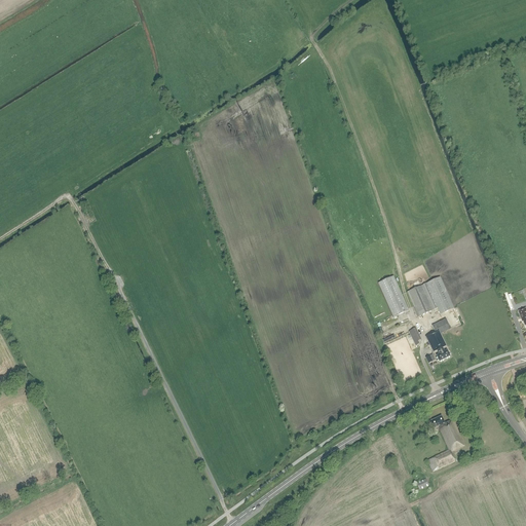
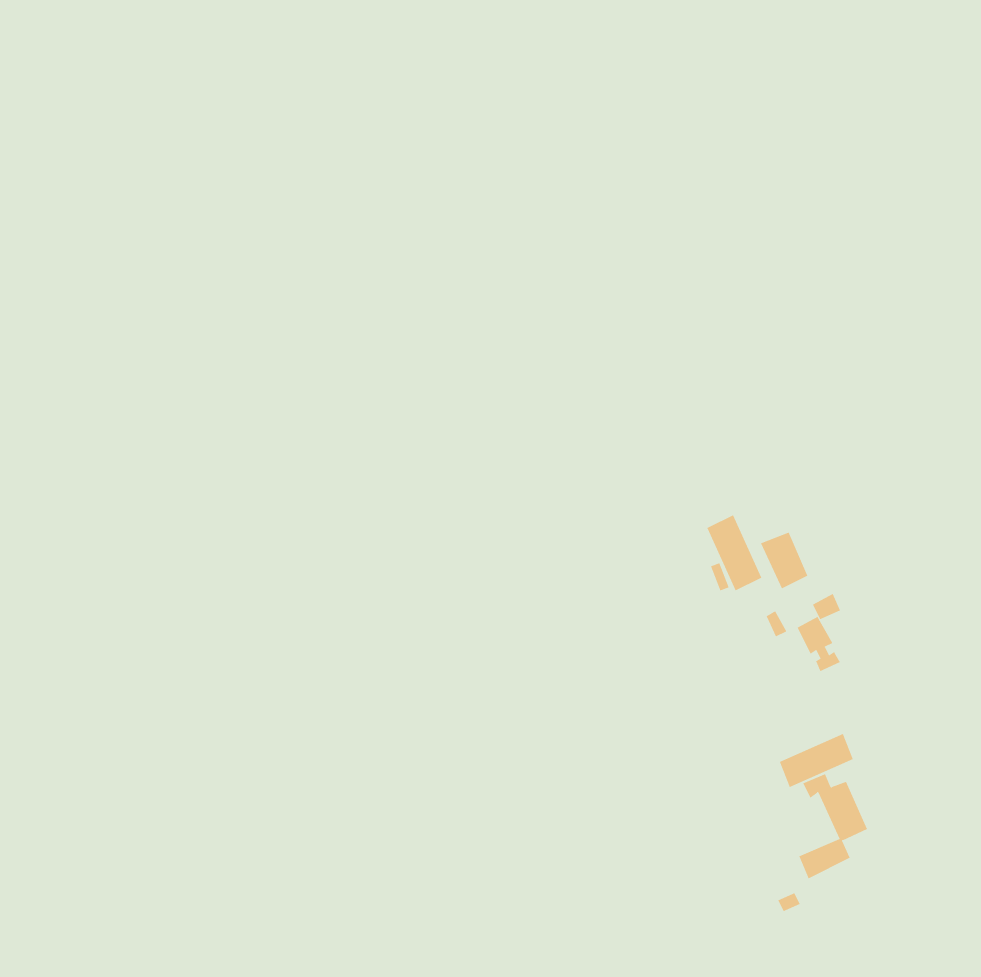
building: [422,276,453,313] -> none
building: none -> [779,733,854,788]

